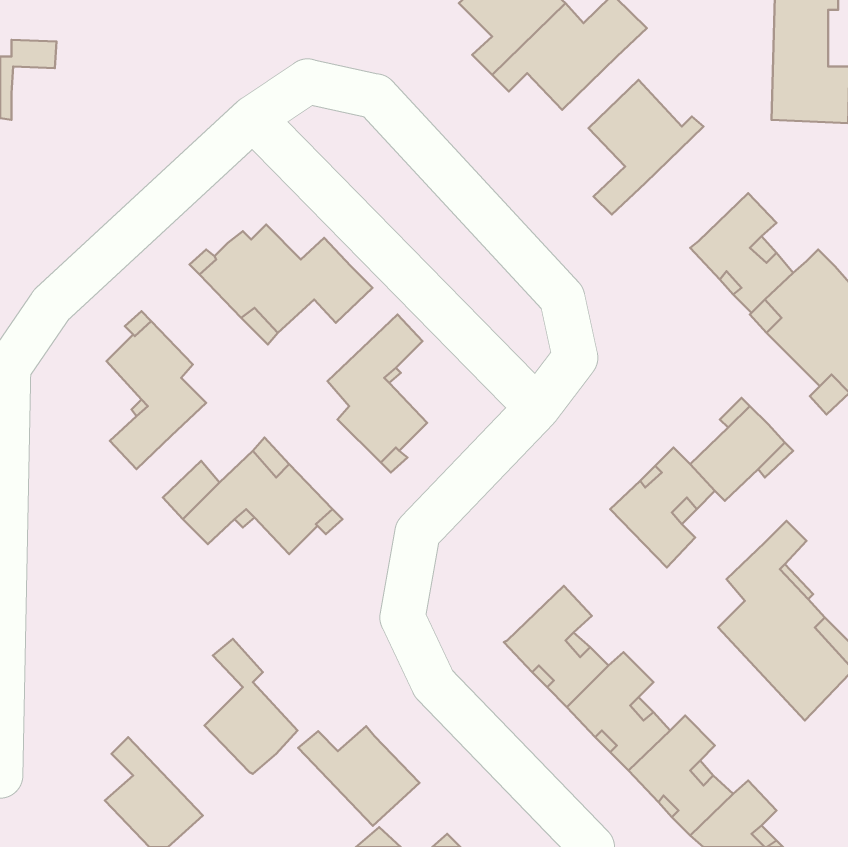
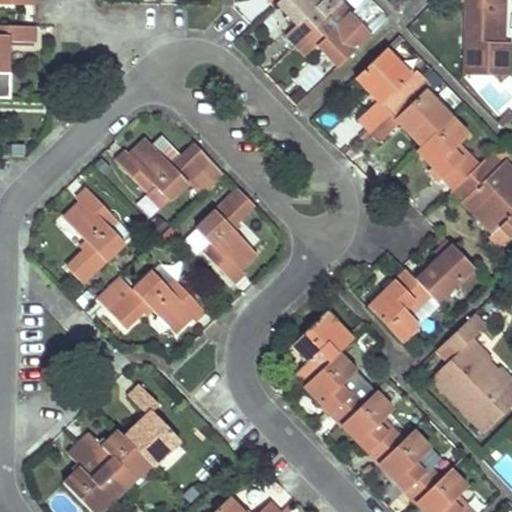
building: none -> [369,76,451,145]
building: none -> [293,312,353,385]
building: [298,726,419,826] -> [78,430,151,490]

